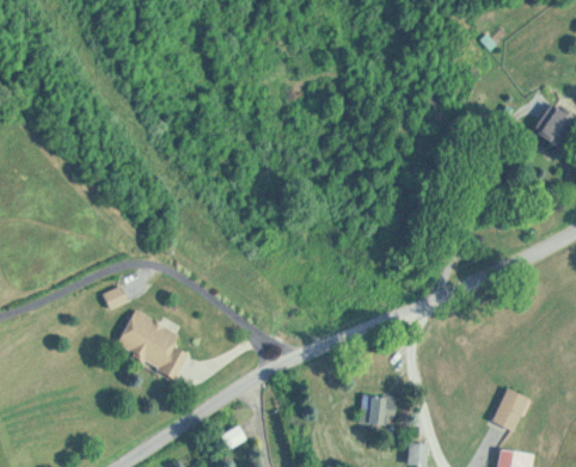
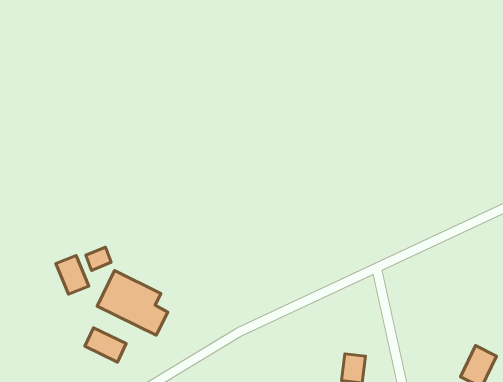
building: none -> [56,256,89,294]
building: none -> [85,328,126,362]

